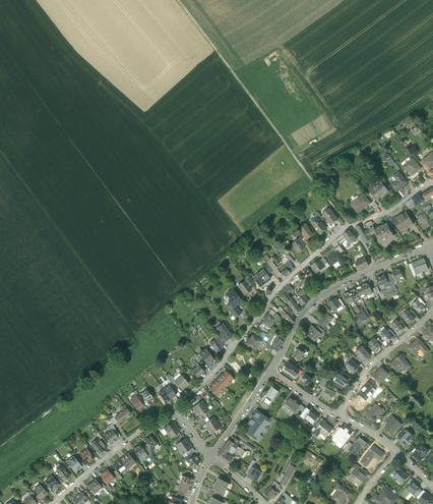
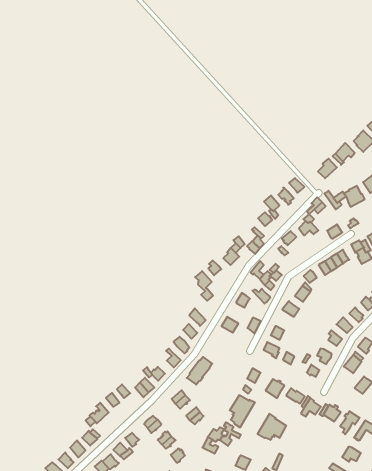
building: none -> [258,414,286,440]

